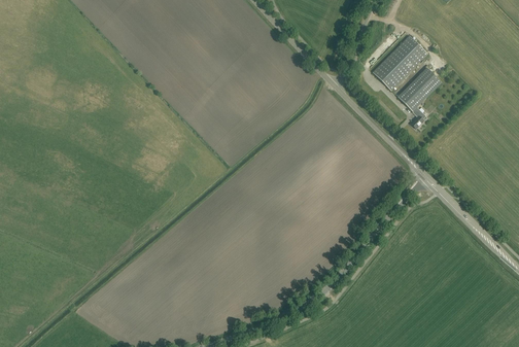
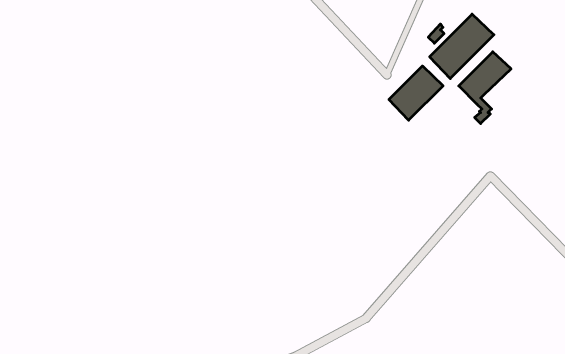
building: none -> [389,66,443,120]

